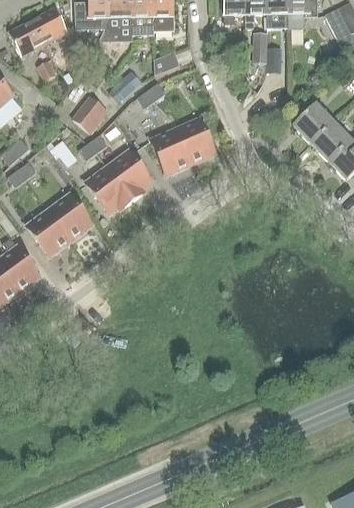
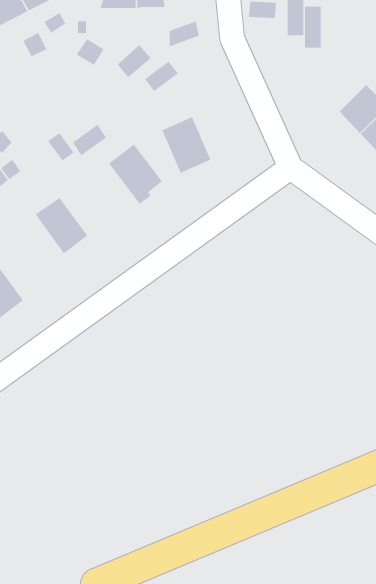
building: [75,95,111,131] -> none
building: [176,118,215,163] -> none
building: [86,166,133,212] -> none
building: [26,207,72,256] -> none

